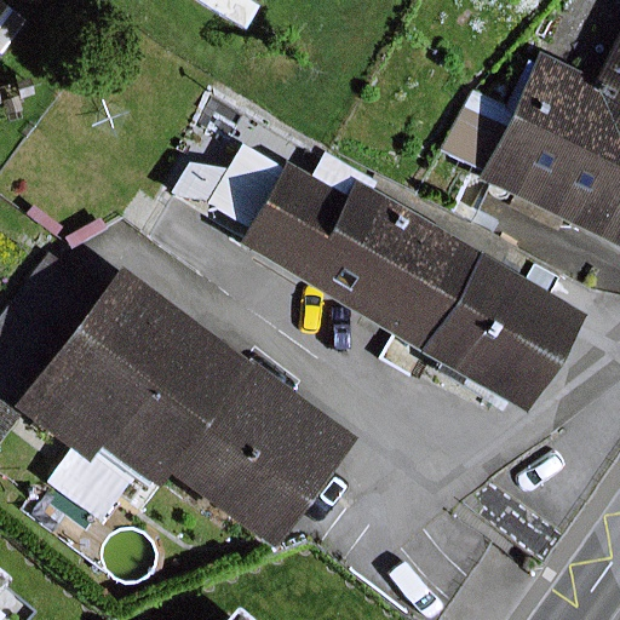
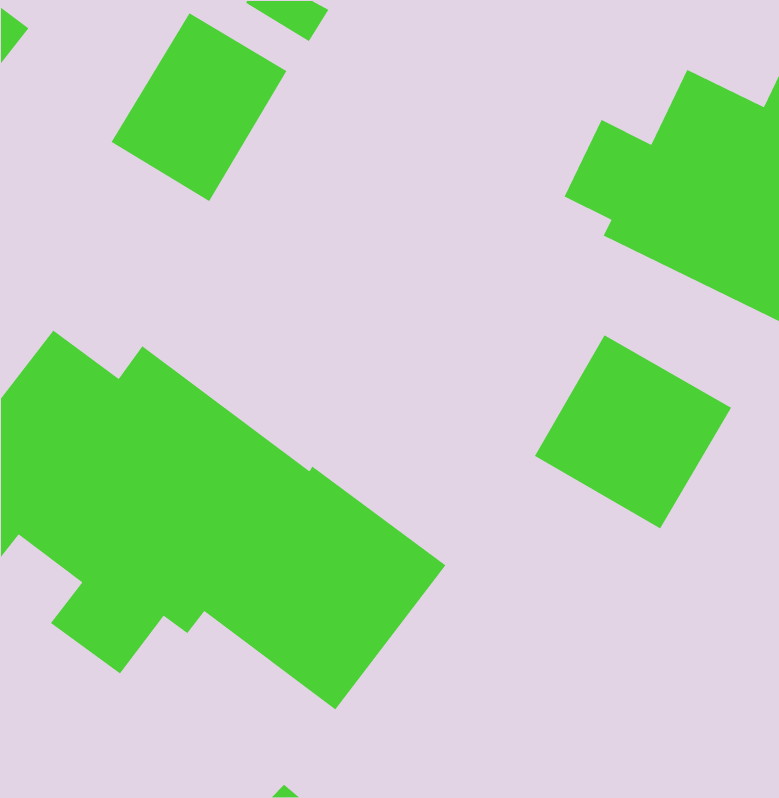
building: none -> [111,12,287,202]
building: [180,145,483,354] -> none

